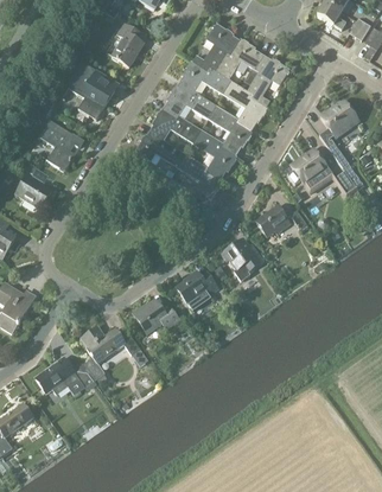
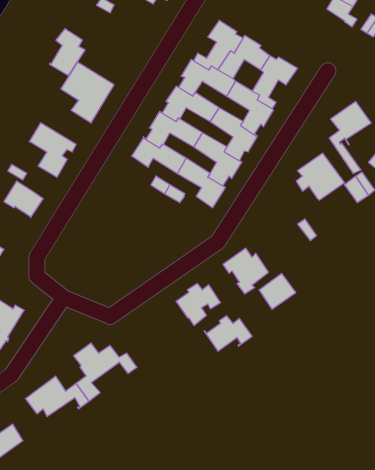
building: [112,23,145,66] -> [50,29,85,76]
building: [256,204,291,237] -> [259,274,296,309]
building: [134,300,179,333] -> [204,316,252,351]

